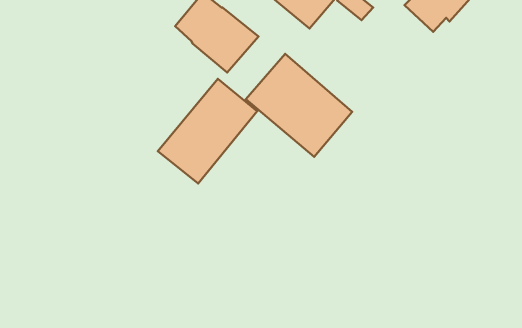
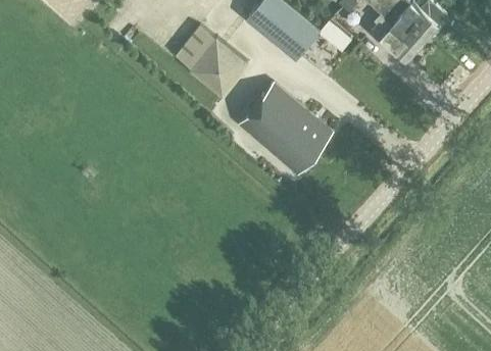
building: [158,79,257,183] -> none

